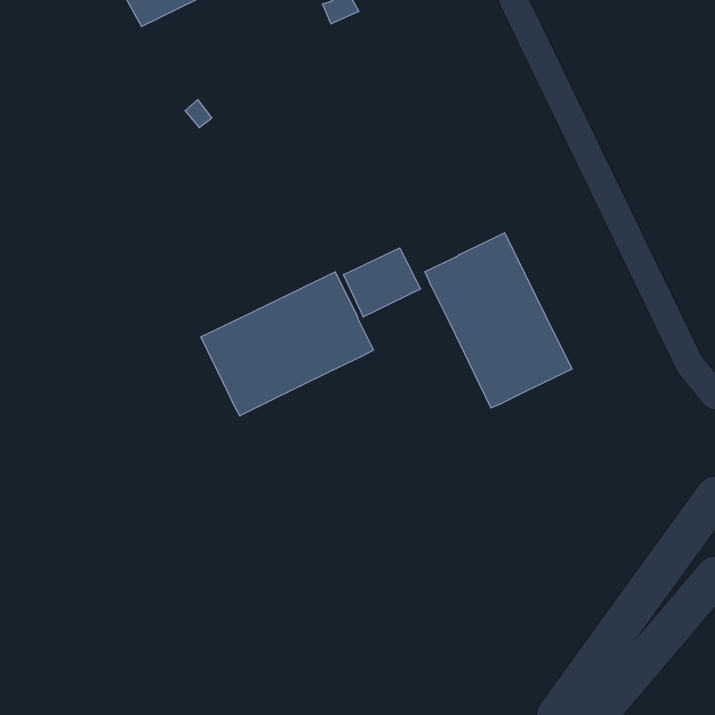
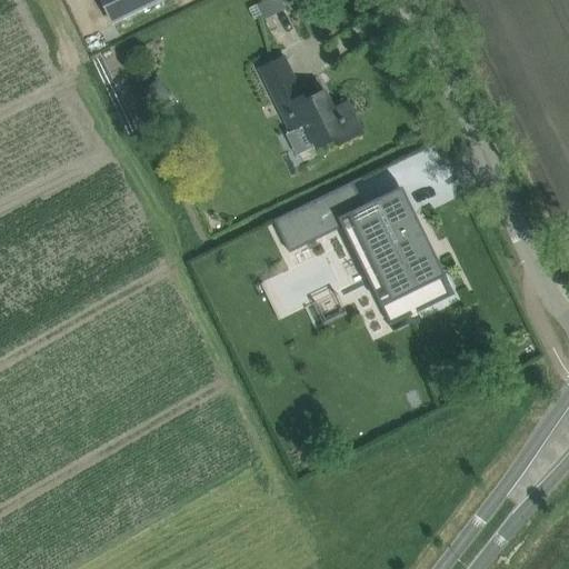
building: none -> [258,54,361,147]
building: [201,272,373,416] -> none

